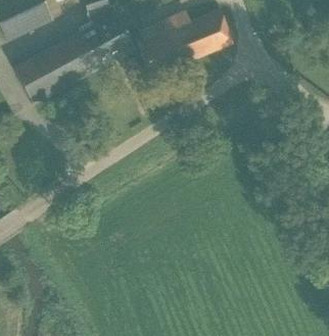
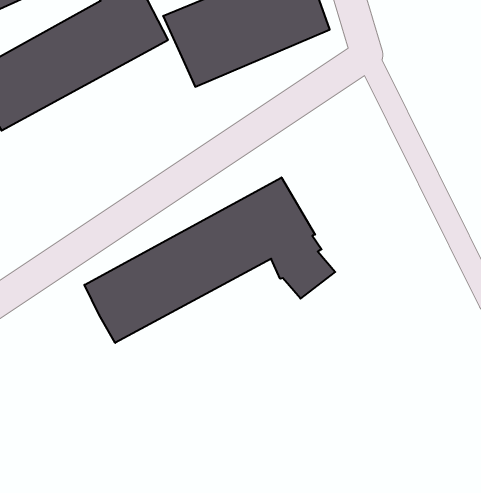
building: none -> [84,177,335,343]

